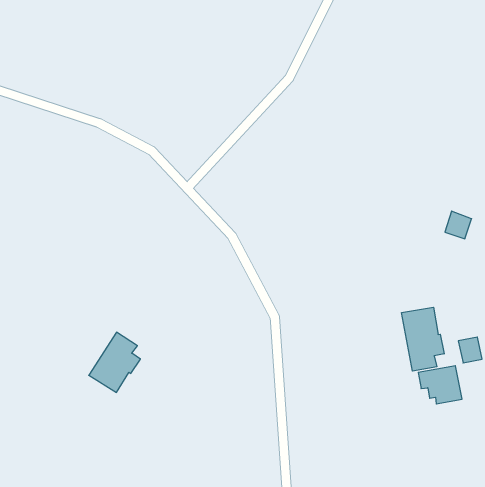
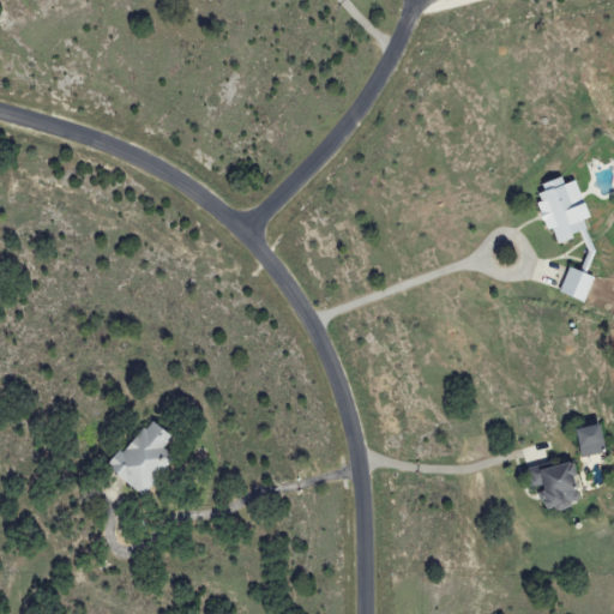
building: none -> [535,176,590,242]
building: [402,307,444,371] -> none

